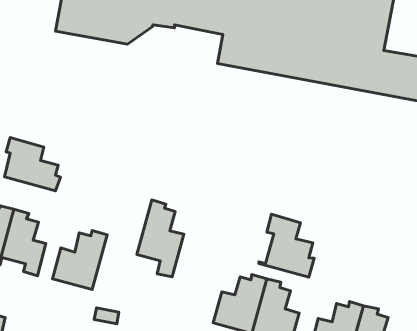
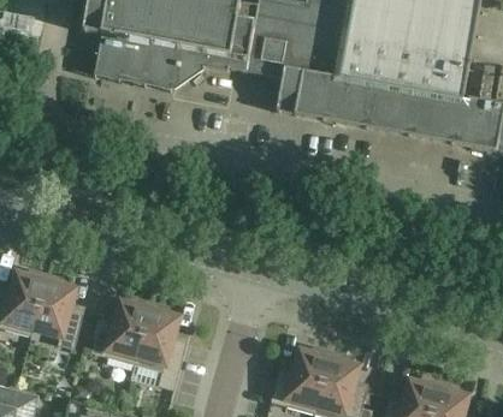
building: [4,138,60,191] -> none
building: [137,200,184,277] -> [135,302,188,388]
building: [259,214,314,277] -> none

